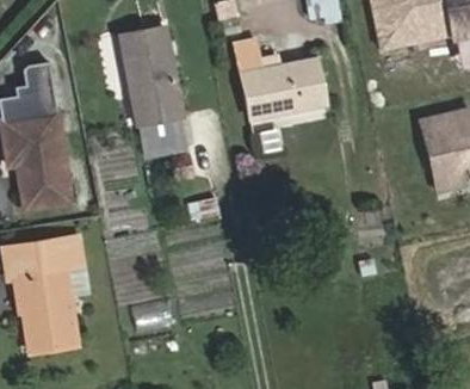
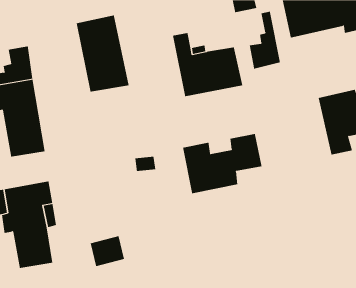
building: none -> [249,11,281,69]
building: [129,110,185,152] -> none
building: none -> [182,133,262,194]

